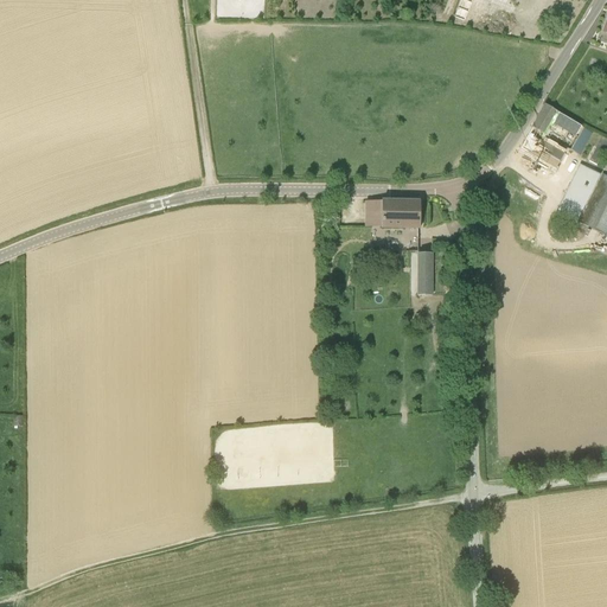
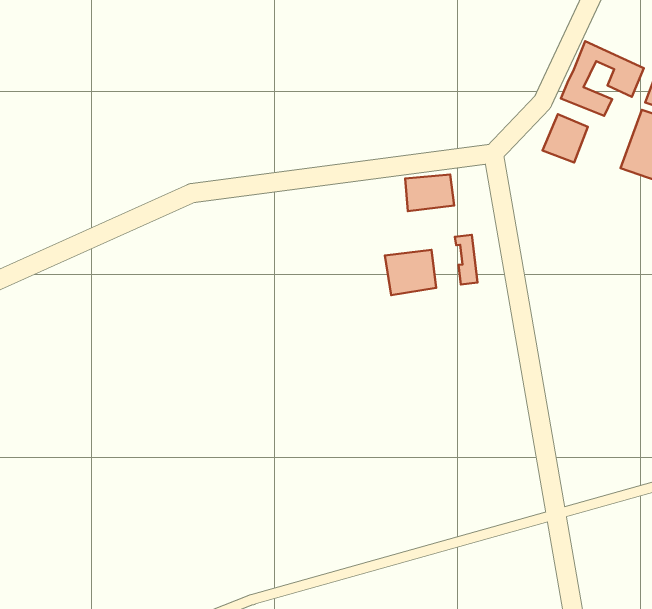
building: none -> [542,114,588,163]
building: none -> [385,250,436,295]

